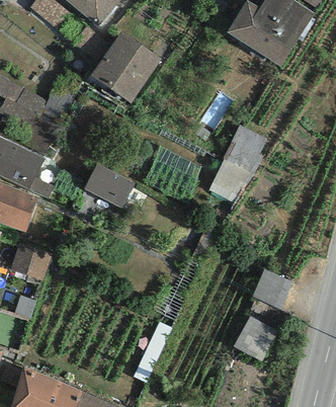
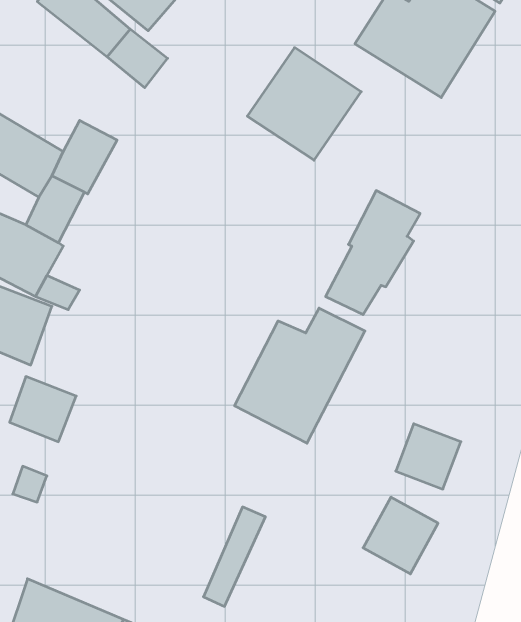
building: [90,32,161,102] -> [247,48,361,160]
building: [84,163,135,209] -> none
building: none -> [235,308,365,443]

